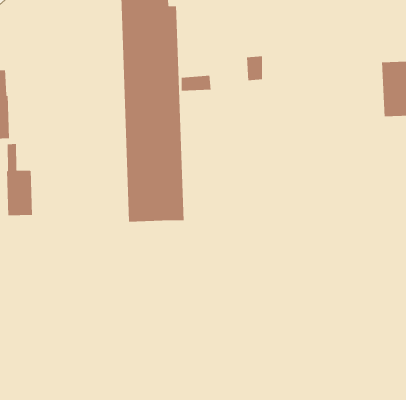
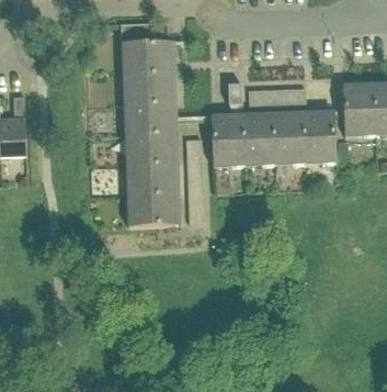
building: none -> [213,114,338,166]
building: [6,143,33,216] -> none

